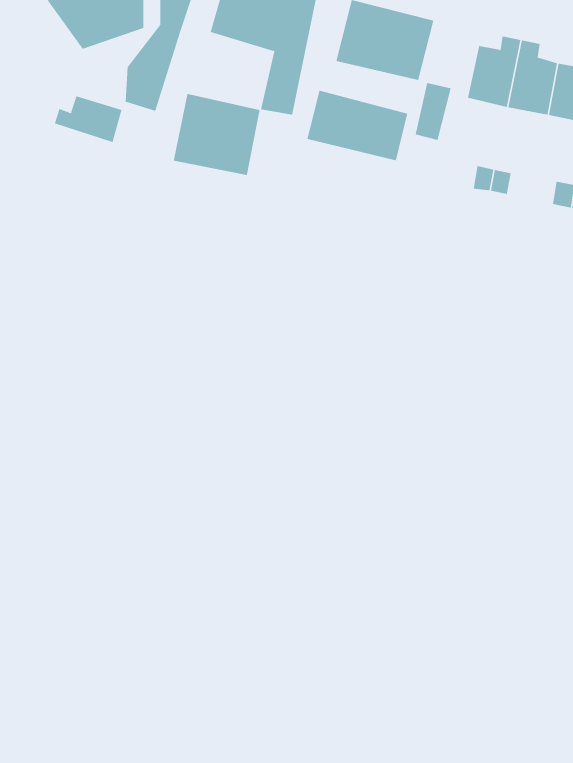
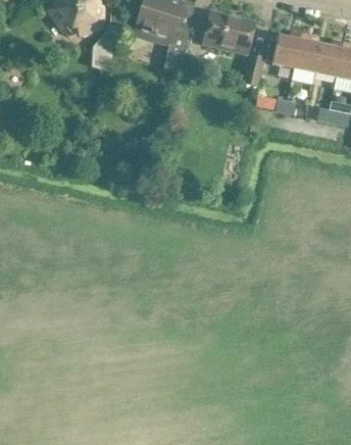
building: [307,90,408,161] -> none
building: [173,93,260,176] -> none
building: [54,96,122,143] -> none

